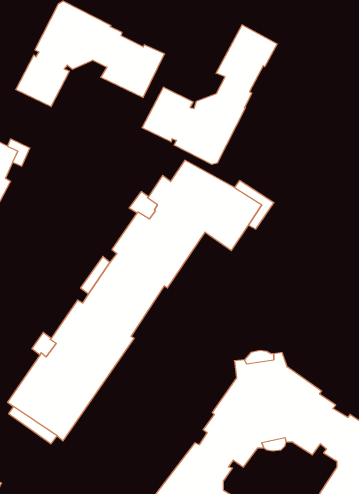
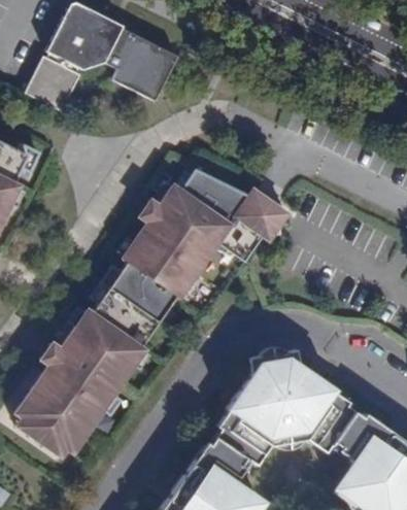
building: [142,25,277,164] -> none

